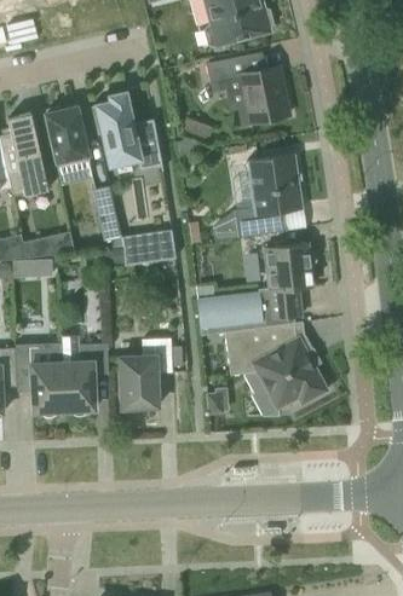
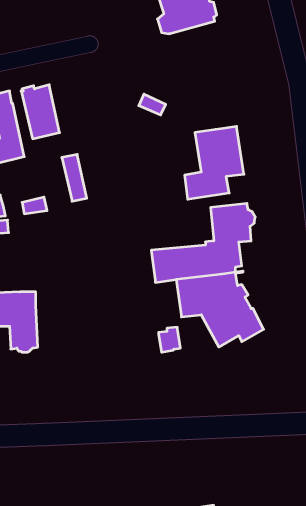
building: [206,56,288,125] -> none
building: [91,91,166,169] -> none
building: [123,237,175,265] -> none
building: [120,338,172,407] -> none
building: [62,343,109,415] -> none

